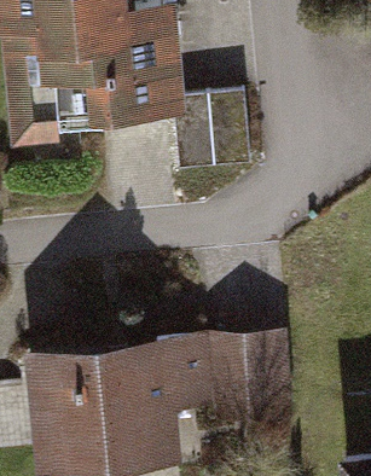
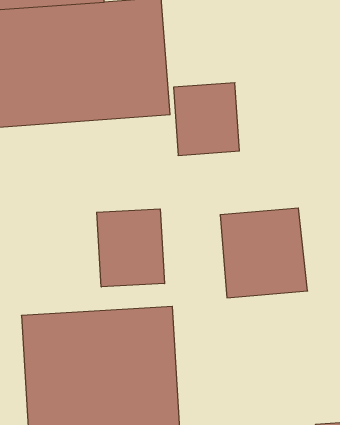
building: none -> [97,209,165,287]
building: [211,331,305,426] -> [220,208,308,298]

